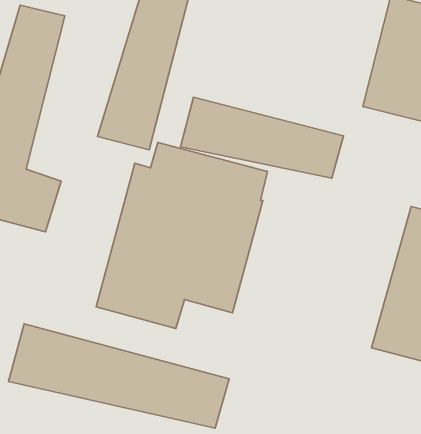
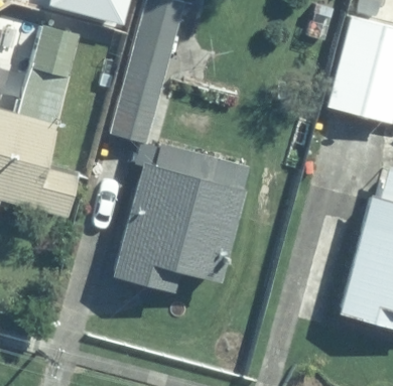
building: [181,97,343,178] -> none
building: [9,324,229,428] -> none

